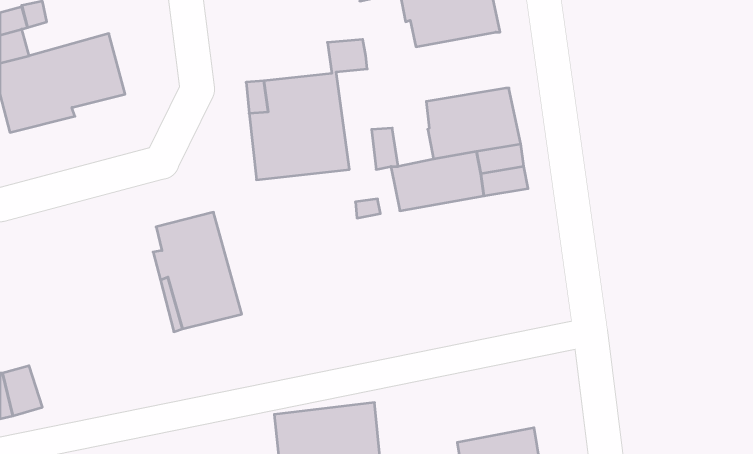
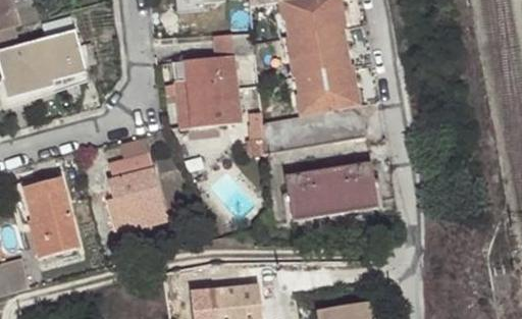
building: none -> [282,26,350,75]
building: none -> [285,162,377,219]
building: none -> [13,175,79,258]

